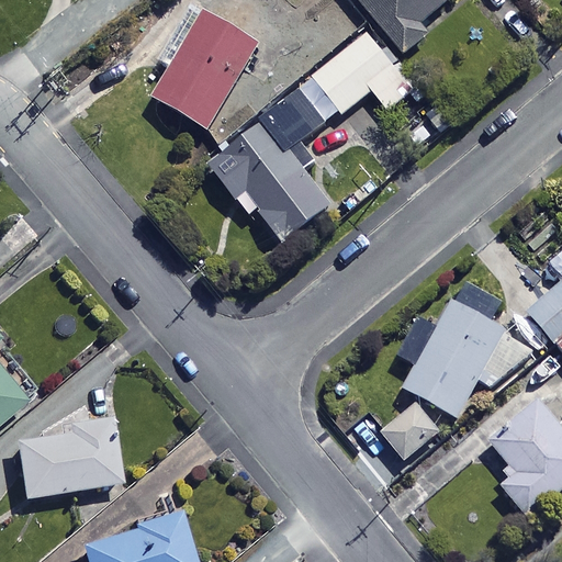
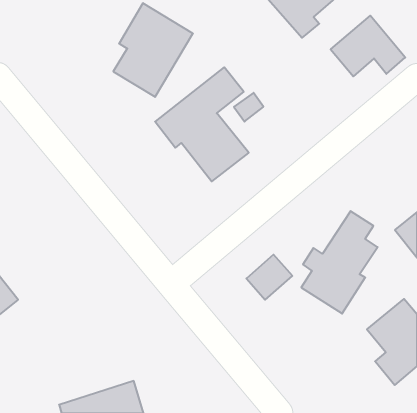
building: [313,31,413,112] -> [331,16,405,76]
building: [381,400,442,460] -> [246,255,292,300]
building: [12,422,117,498] -> none

